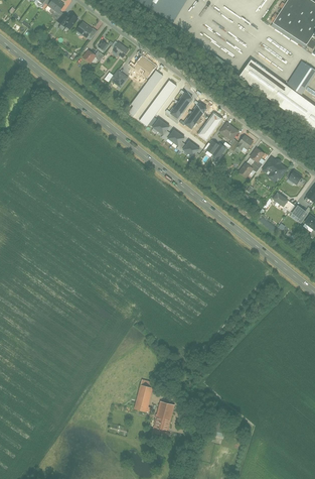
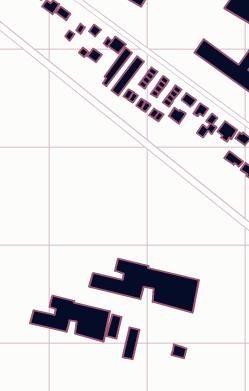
building: none -> [89,259,199,313]
building: none -> [30,296,110,342]

